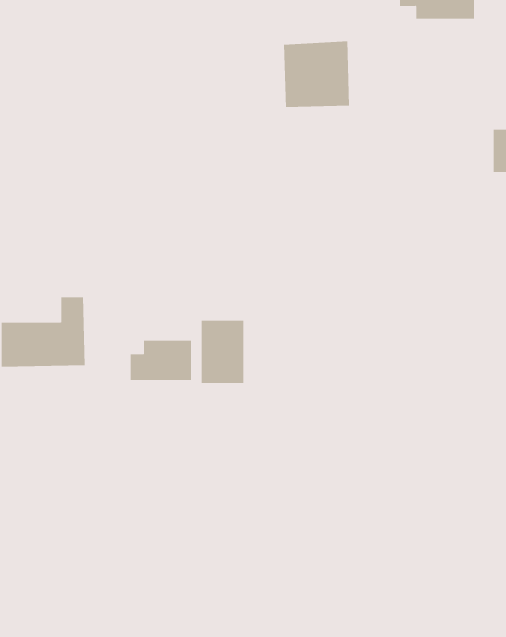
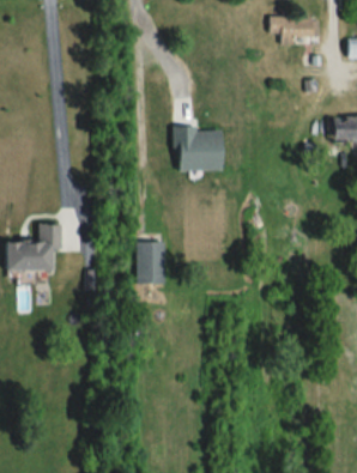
building: [283,41,350,108] -> [177,127,222,171]
building: [130,340,192,381] -> none

